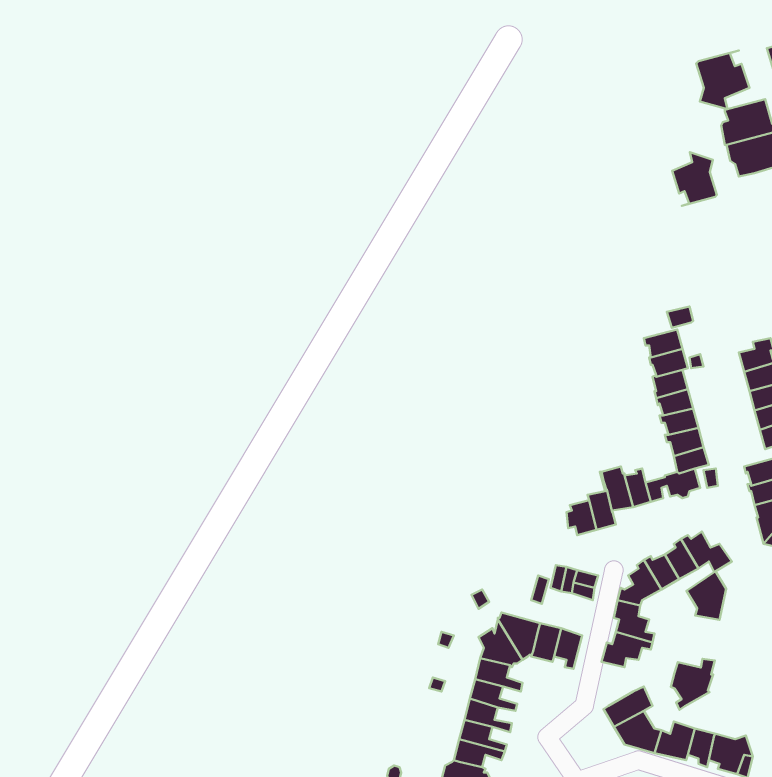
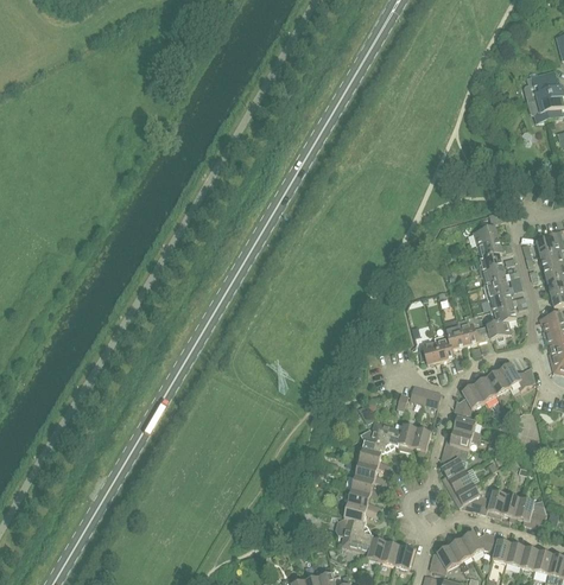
building: [696,50,749,109] -> none
building: [672,152,717,206] -> none
building: [687,571,726,620] -> none
building: [671,659,715,710] -> [439,447,469,482]

